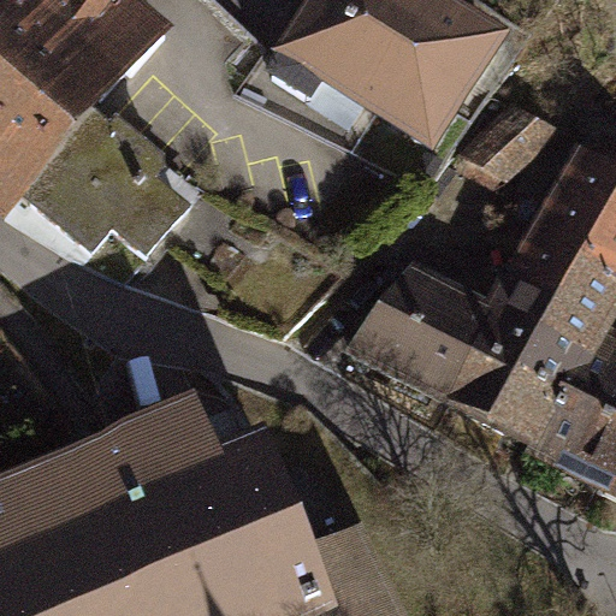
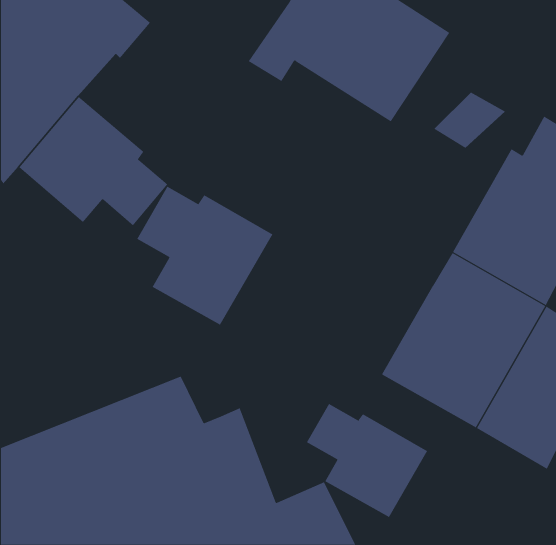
building: none -> [136,186,273,326]
building: [339,267,479,413] -> none
building: none -> [306,403,428,518]

